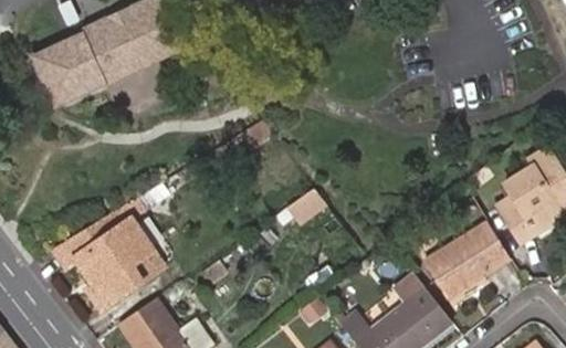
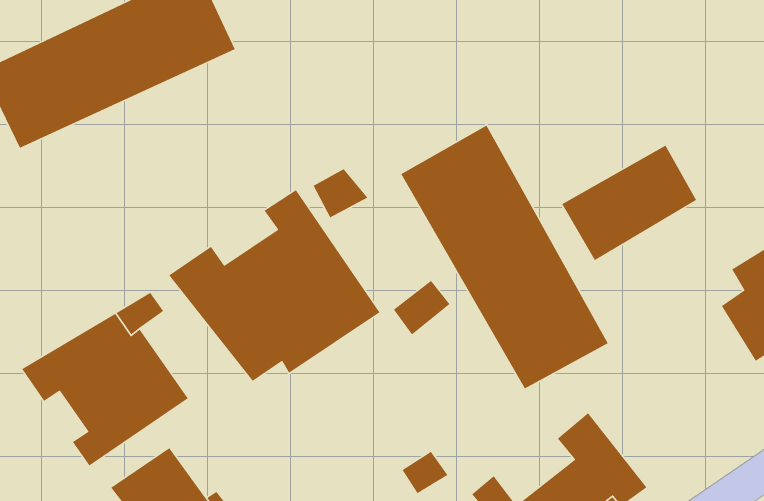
building: none -> [400,125,609,390]
building: none -> [168,189,380,382]
building: [423,220,510,294] -> [561,144,697,261]

